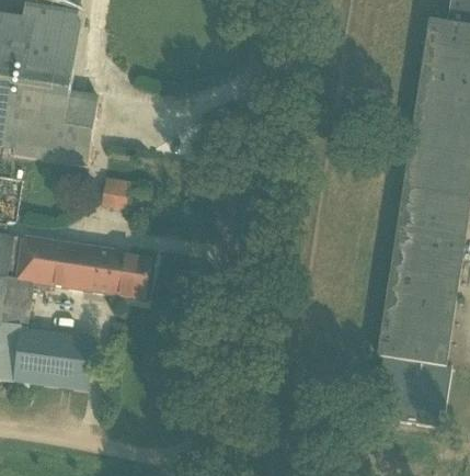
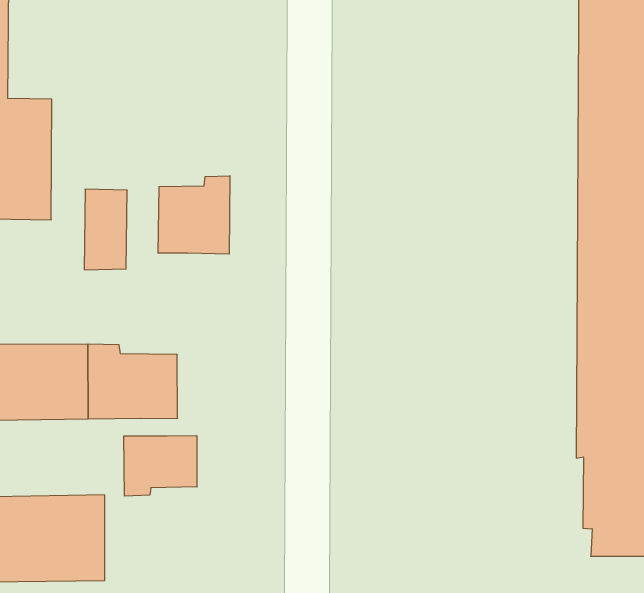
building: none -> [158,176,230,254]
building: none -> [124,436,197,496]

